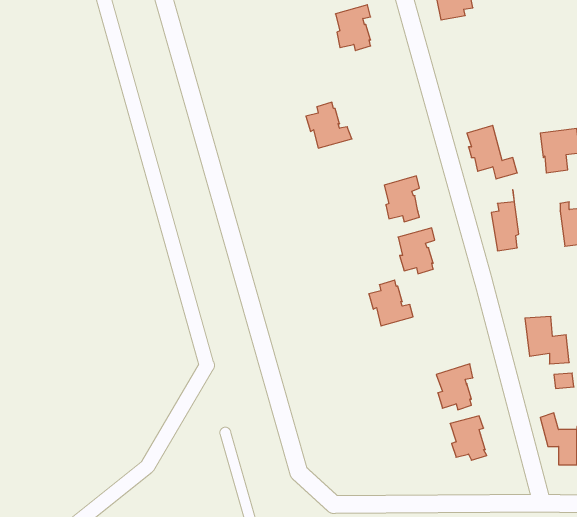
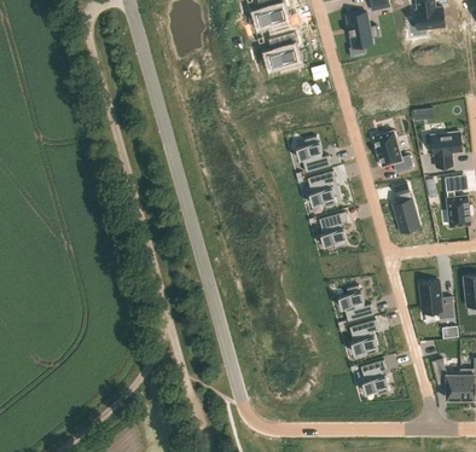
building: [306,102,352,148] -> [296,135,332,172]
building: [369,280,413,326] -> [338,284,373,320]

